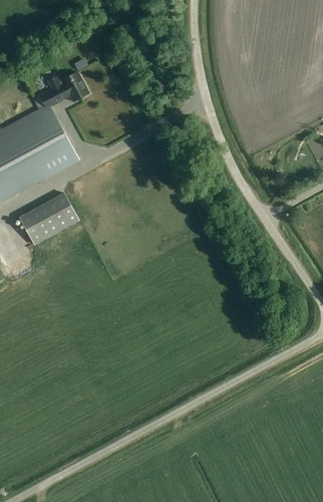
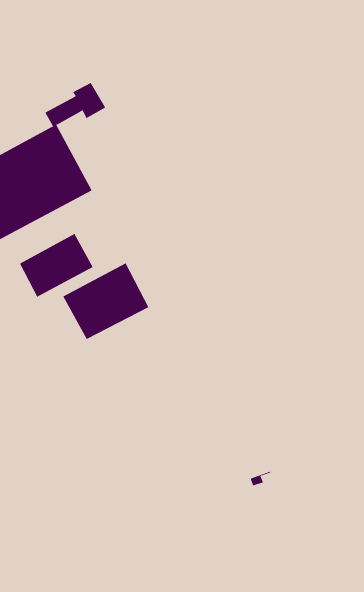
building: none -> [63,263,149,340]

